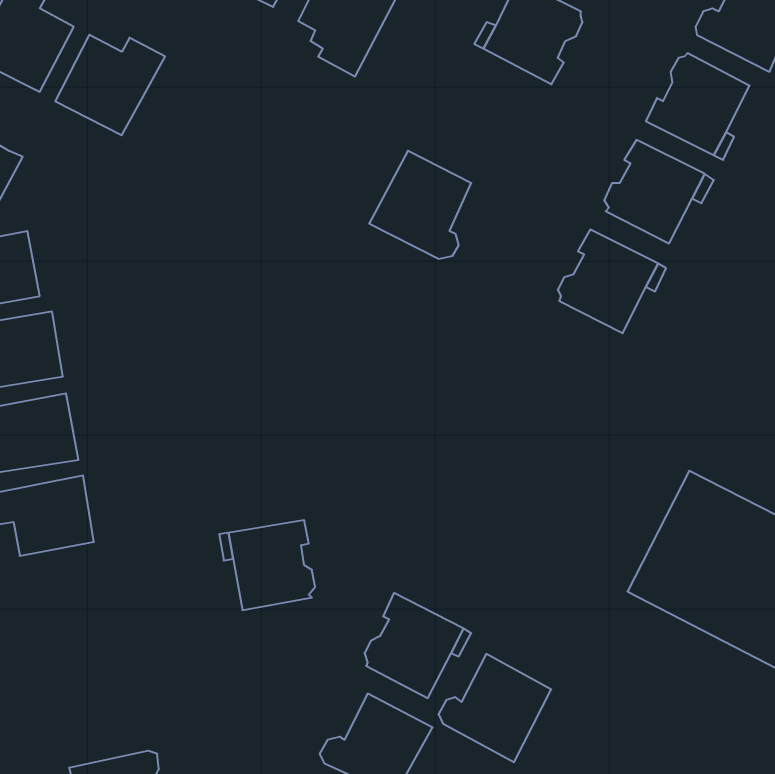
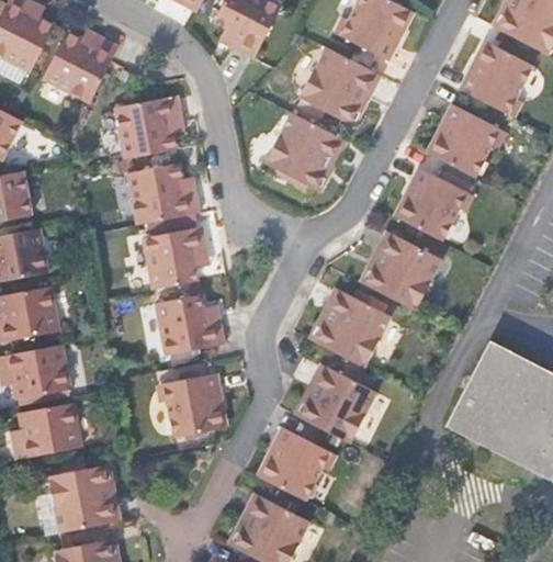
building: none -> [298,47,371,125]
building: none -> [114,93,182,158]
building: none -> [126,160,200,223]
building: none -> [143,225,206,289]
building: none -> [358,233,439,308]
building: none -> [312,292,392,368]
building: none -> [155,294,225,355]
building: none -> [9,402,80,460]
building: none -> [35,462,109,533]
building: [438,654,551,762] -> [296,367,376,443]

